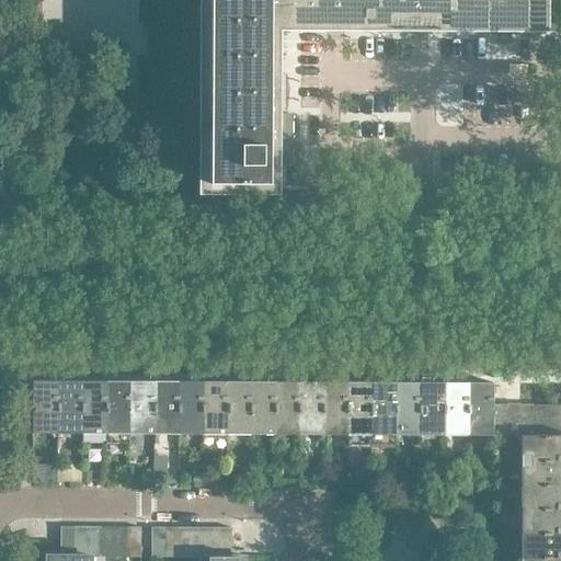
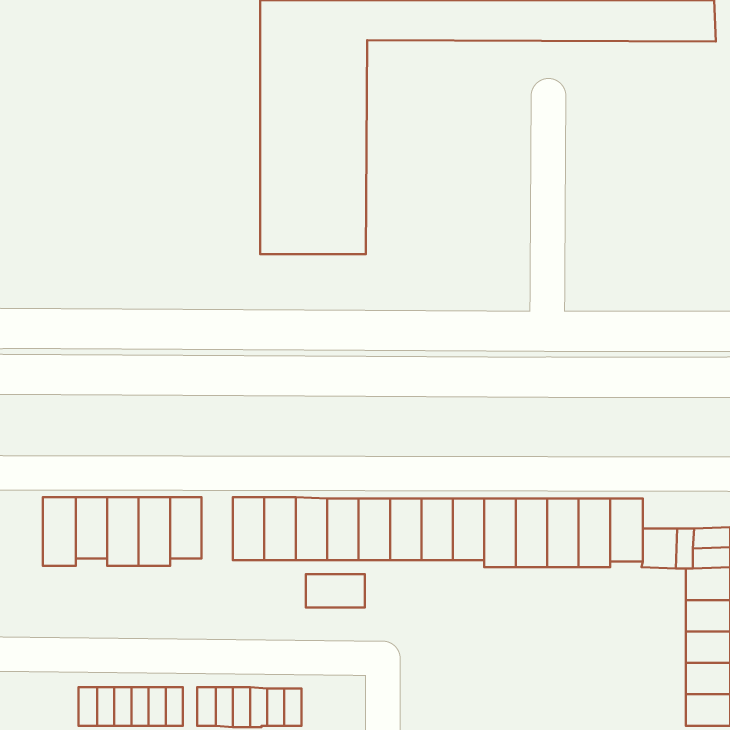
building: [154,381,179,430] -> none
building: none -> [306,574,365,608]

